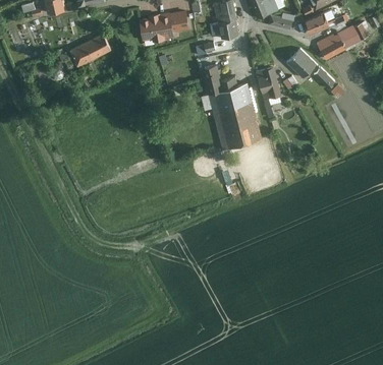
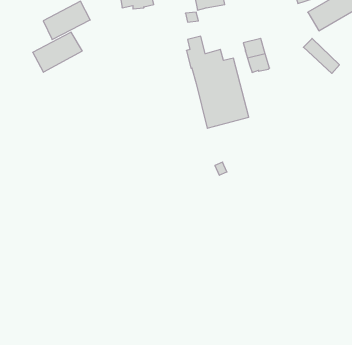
building: [286,48,316,77] -> none
building: none -> [33,32,82,72]

